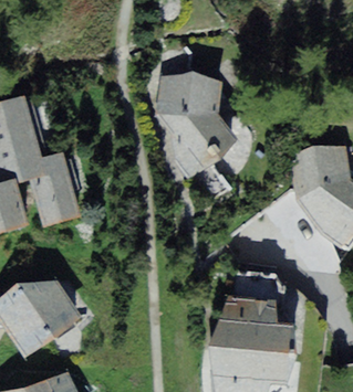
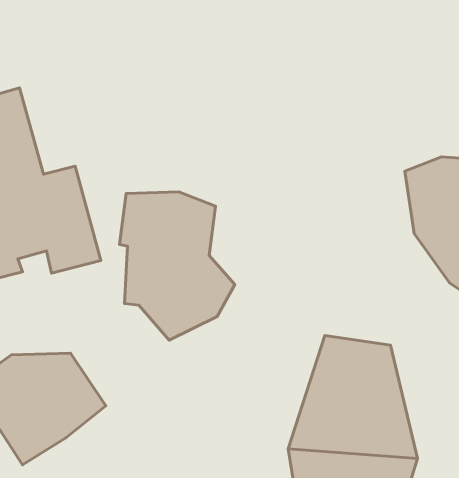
building: [157,74,237,177] -> [120,192,235,340]

